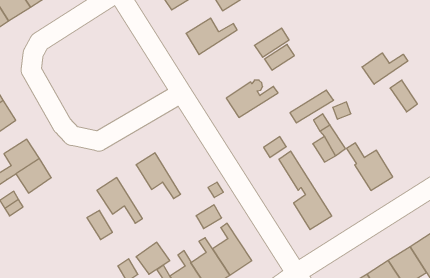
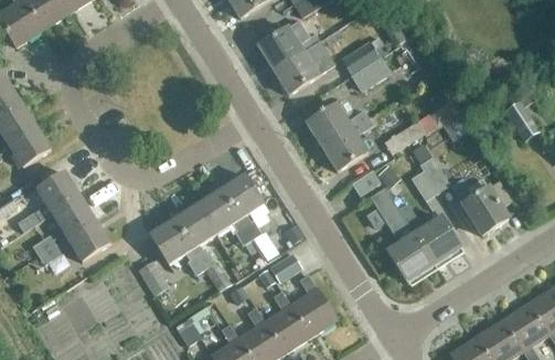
building: none -> [274,40,335,94]
building: [362,53,408,84] -> none
building: none -> [322,116,374,170]
building: none -> [221,173,271,246]
building: none -> [398,201,462,265]
building: none -> [174,203,216,268]
building: none -> [67,219,110,261]

